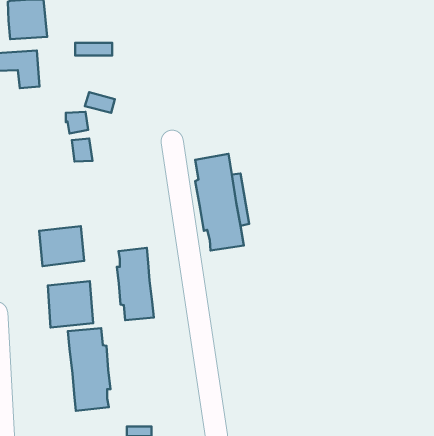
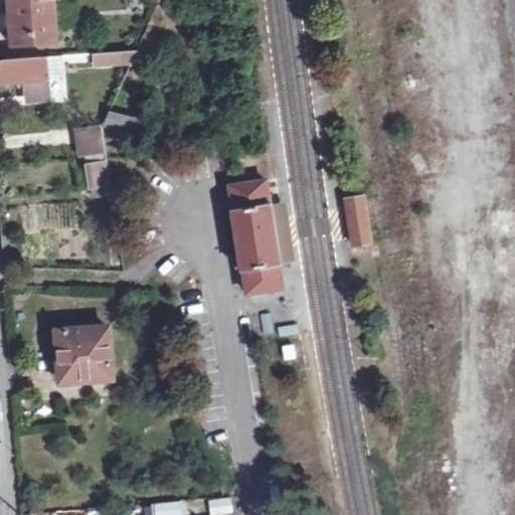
building: none -> [340,193,371,246]
building: [39,226,84,266] -> none
building: [117,248,154,320] -> none
building: [68,328,111,411] -> none

